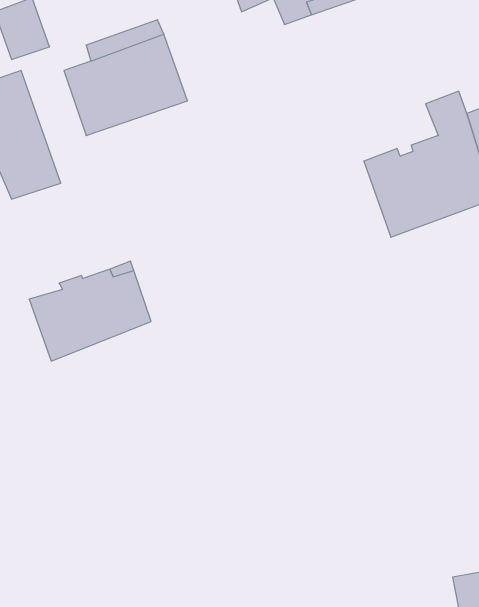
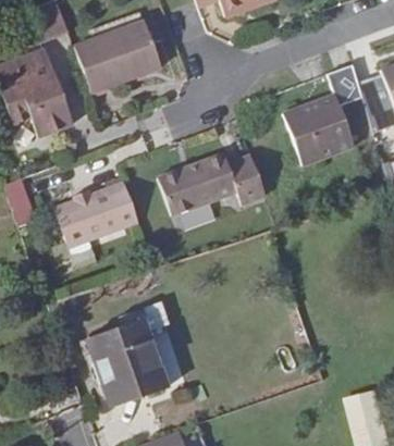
building: none -> [159,152,267,214]
building: none -> [87,319,167,408]

